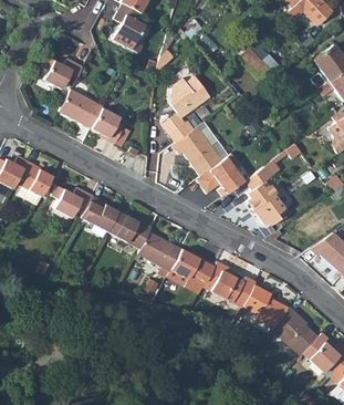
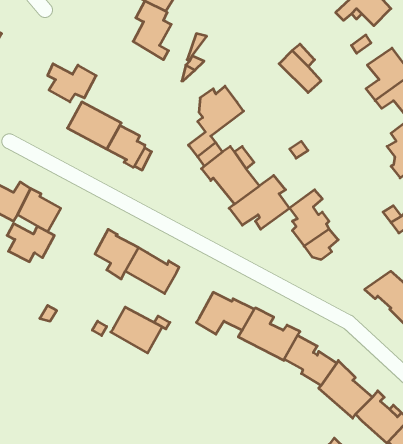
building: [53,186,93,218] -> [7,224,54,262]
building: [138,232,181,271] -> [111,307,162,353]

